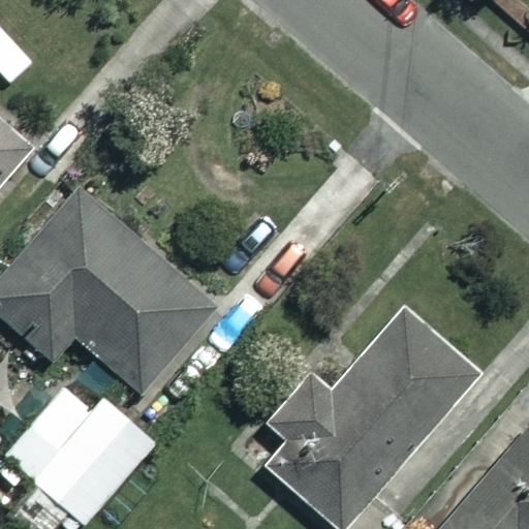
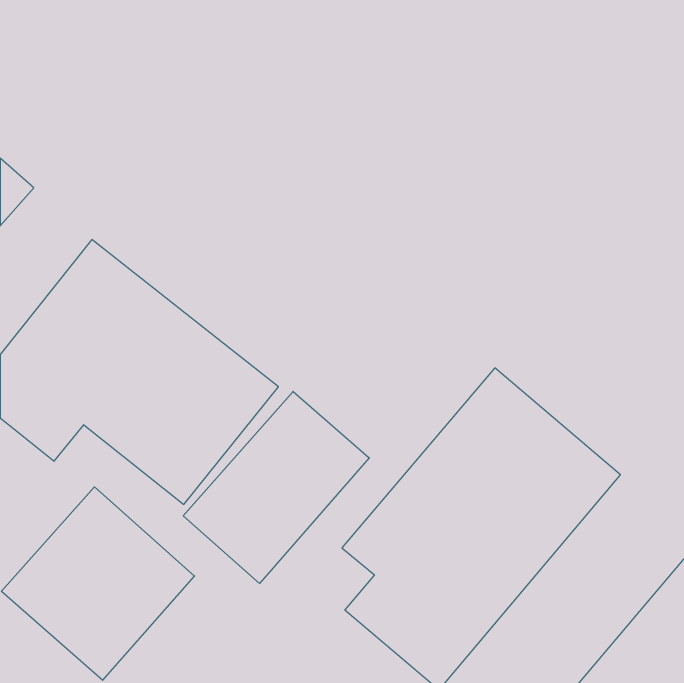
building: none -> [183,391,369,583]

